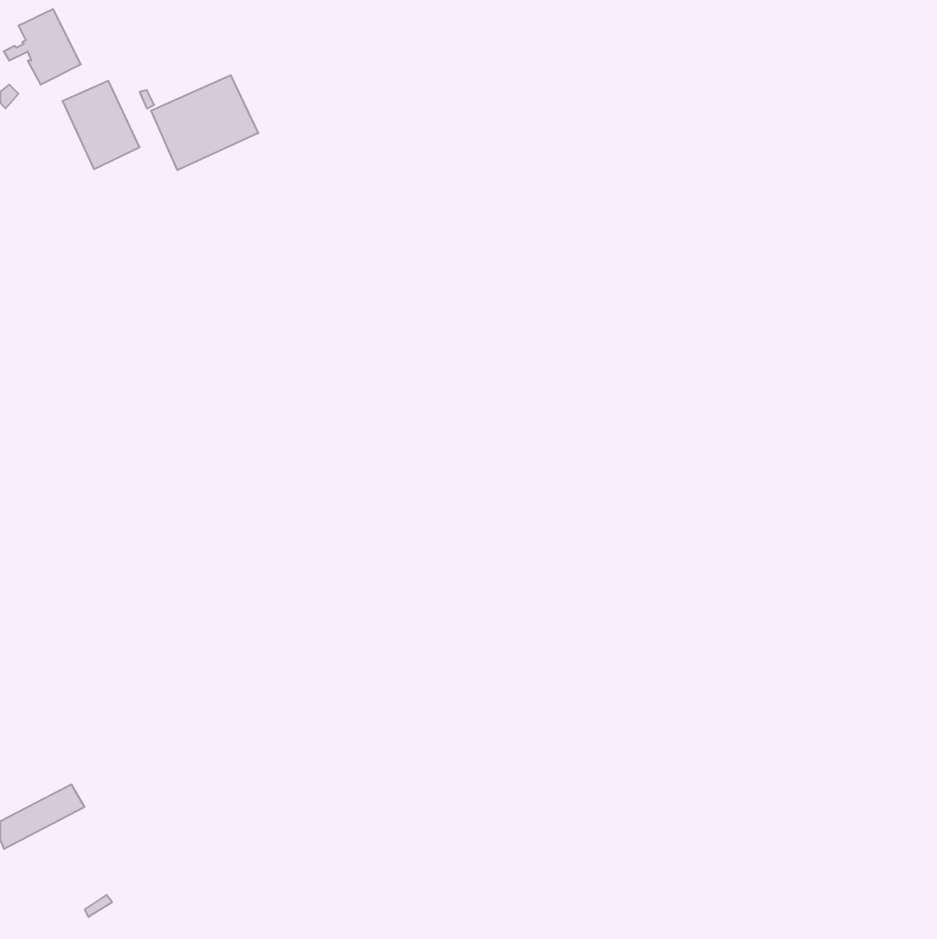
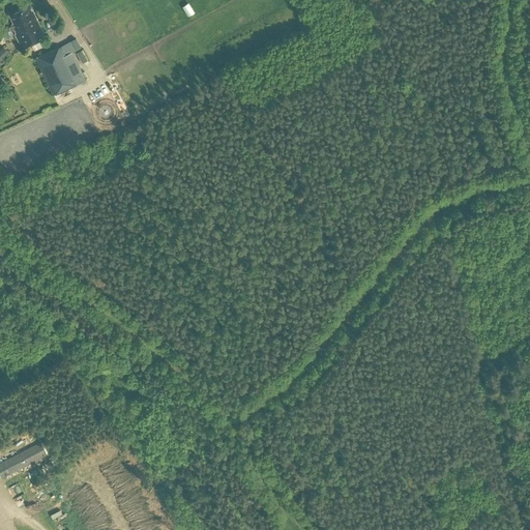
building: [151,75,258,170] -> none

